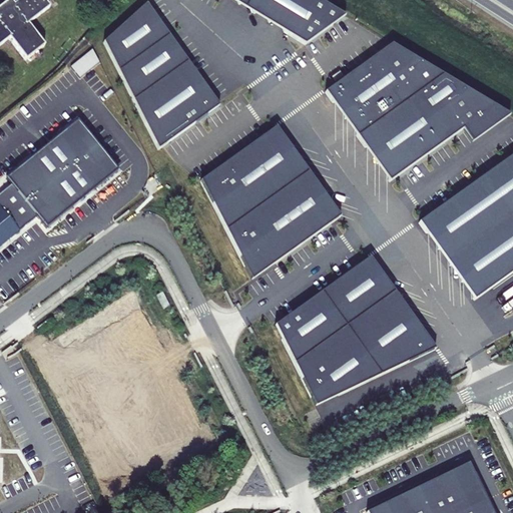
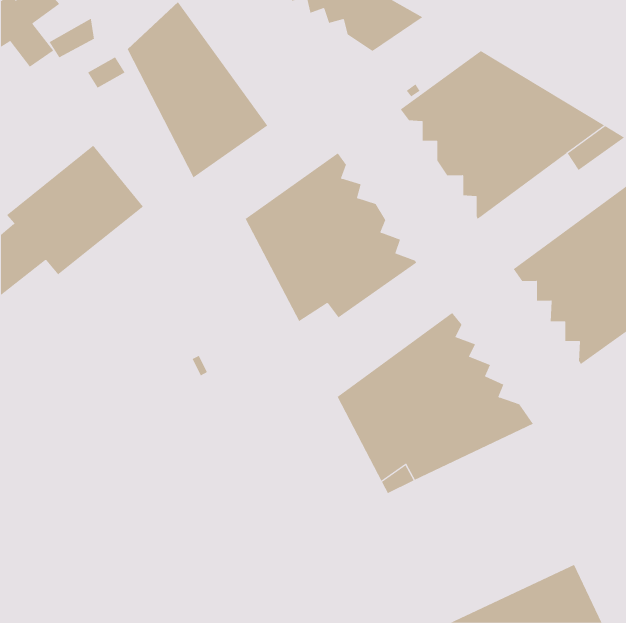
building: none -> [49,18,95,58]
building: [245,247,278,279] -> none

